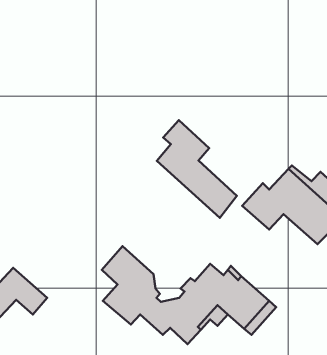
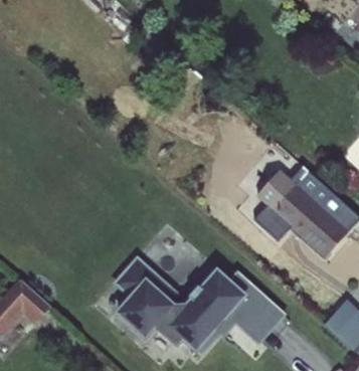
building: [157,120,237,218] -> none

